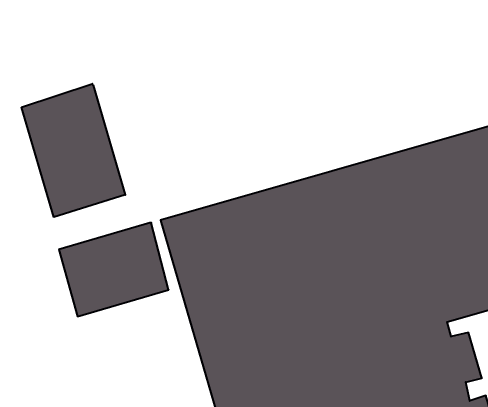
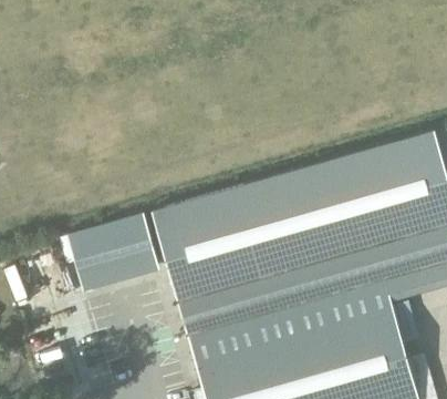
building: [22,84,125,217] -> none

